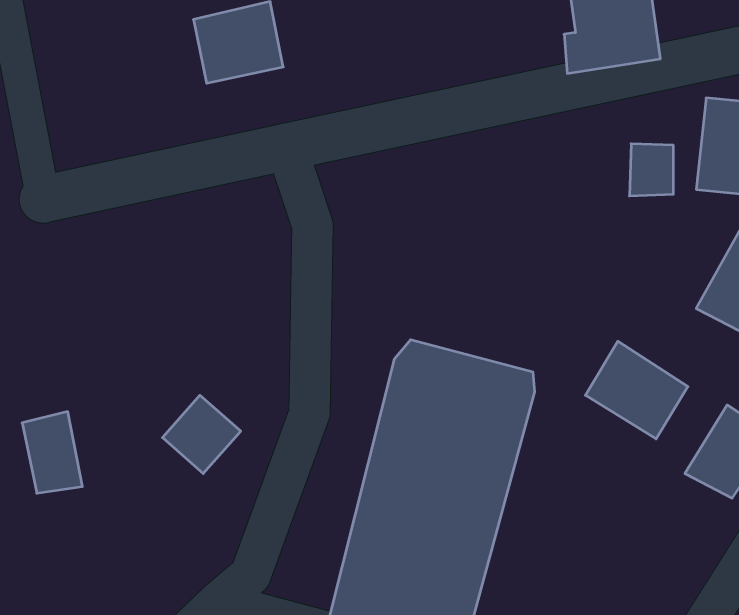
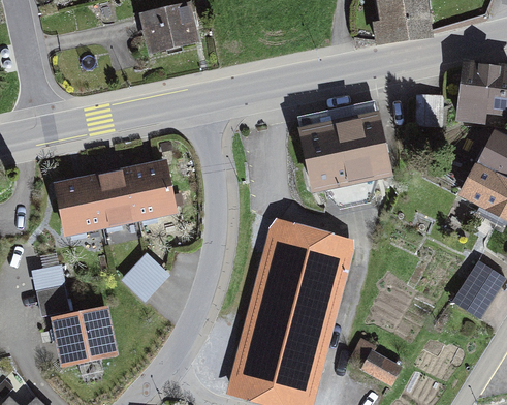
building: none -> [295,100,393,195]
building: none -> [52,158,177,237]
building: [585,341,688,439] -> none
building: none -> [50,305,119,368]
building: none -> [361,347,403,385]

